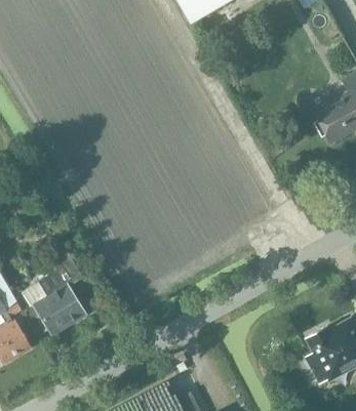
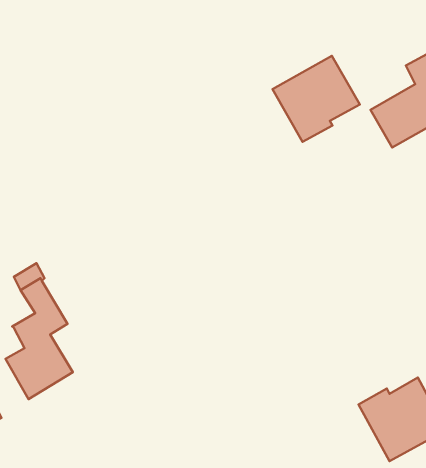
building: none -> [273,56,360,142]

